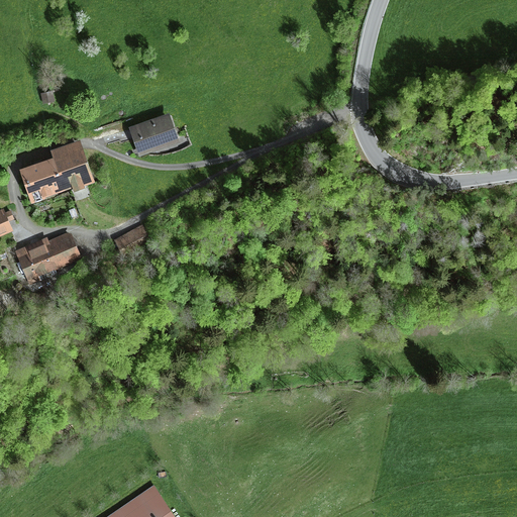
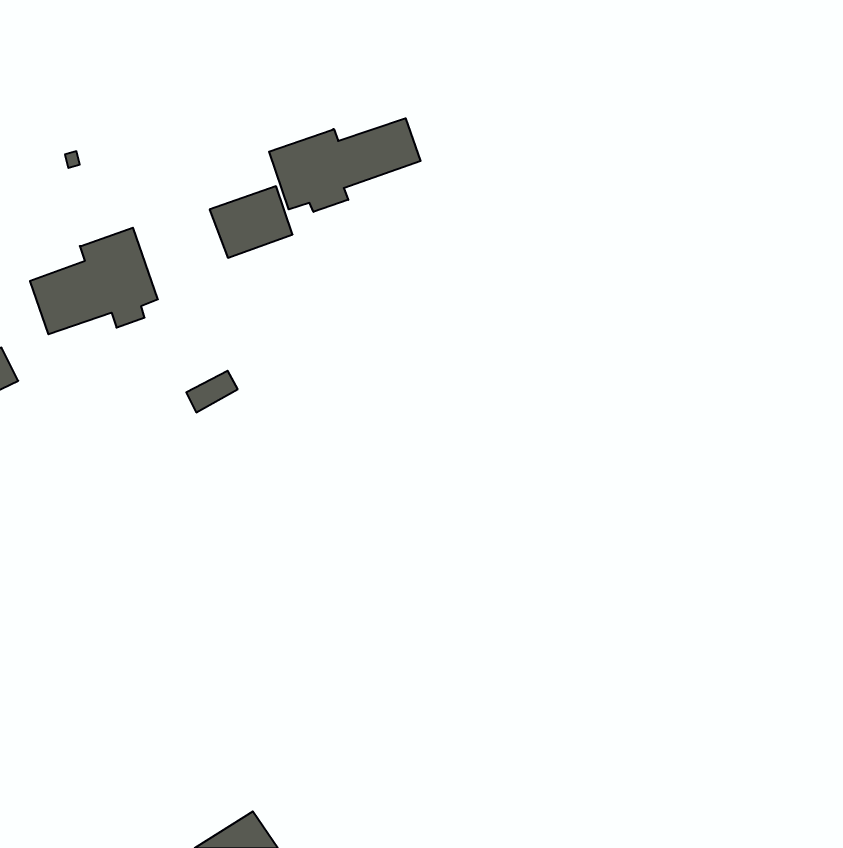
building: none -> [269,118,421,212]
building: [15,231,80,283] -> none

